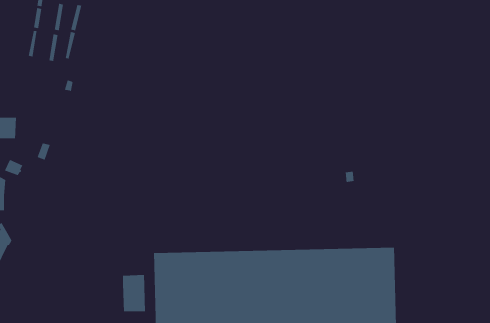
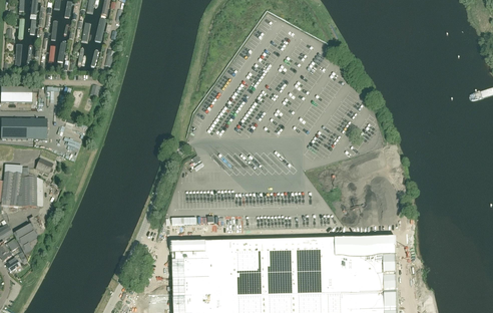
building: [122,274,146,312] -> none

